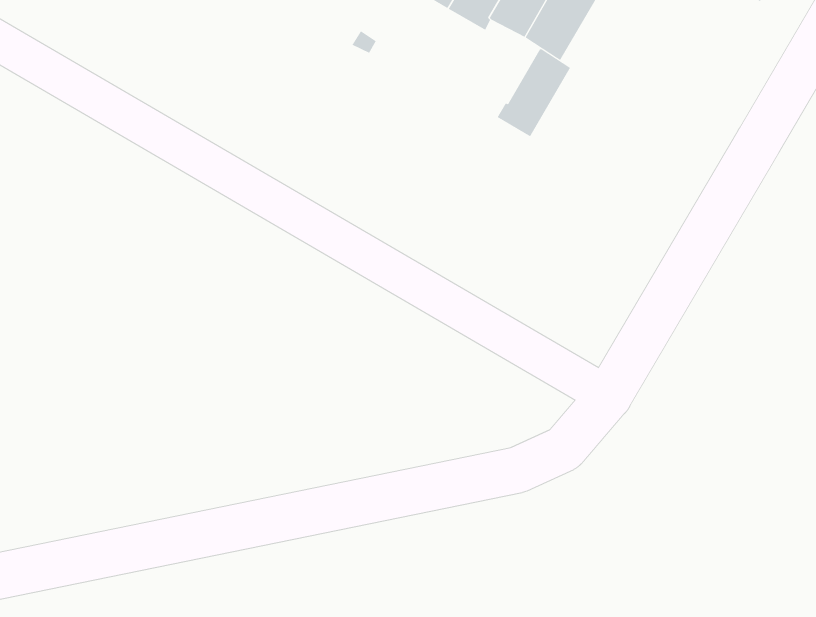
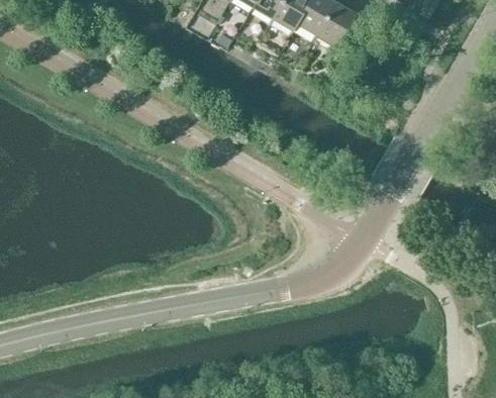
building: [497,48,571,137] -> none

